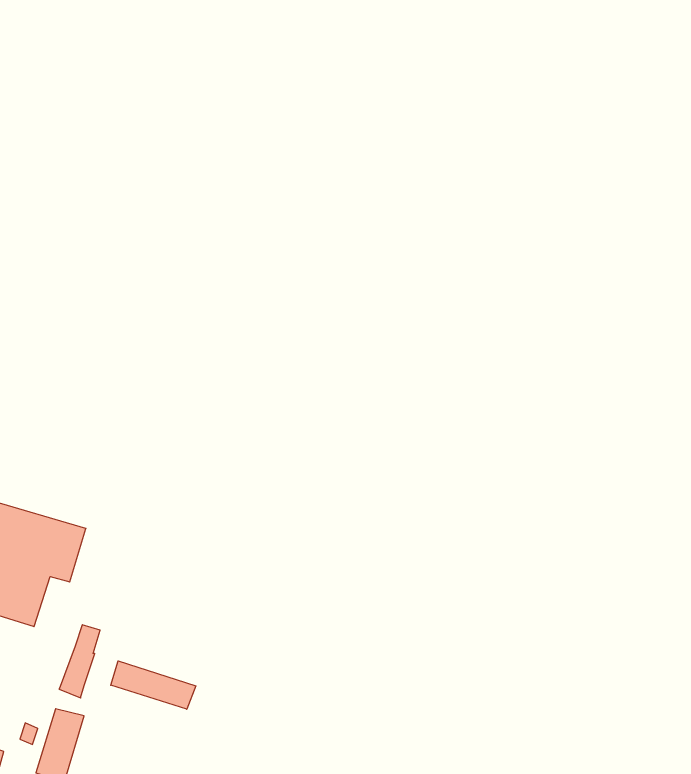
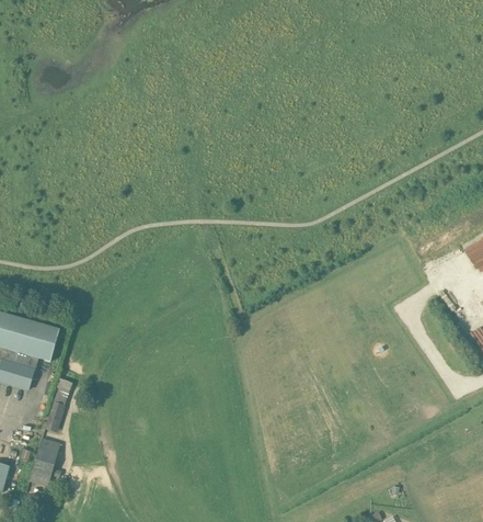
building: [111,661,196,709] -> none

